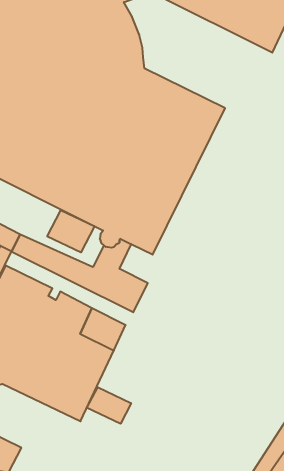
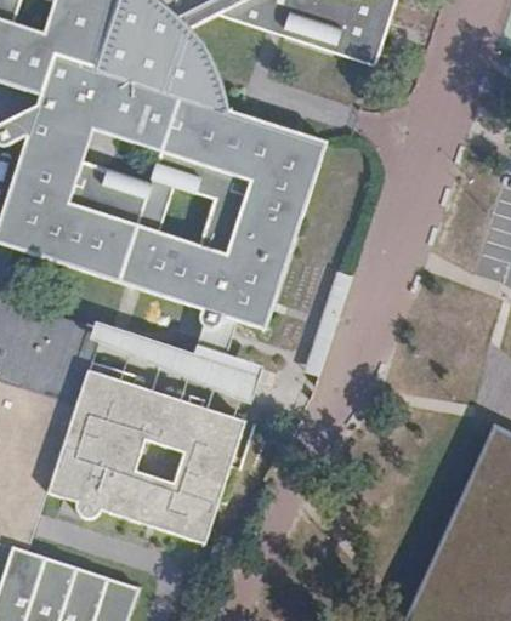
building: [47,210,94,252] -> none
building: [87,387,131,424] -> none

